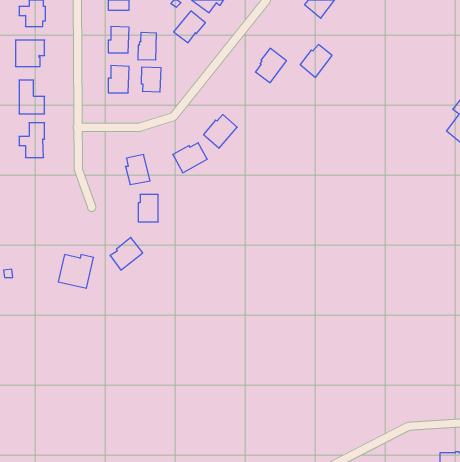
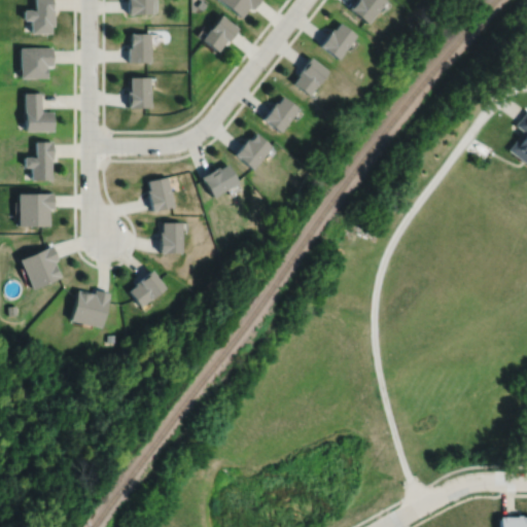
building: [138,32,156,60] -> none
building: [300,45,332,77] -> [321,23,357,60]
building: [141,67,161,92] -> none
building: none -> [264,97,301,134]
building: none -> [21,195,56,227]
building: none -> [20,247,63,291]

